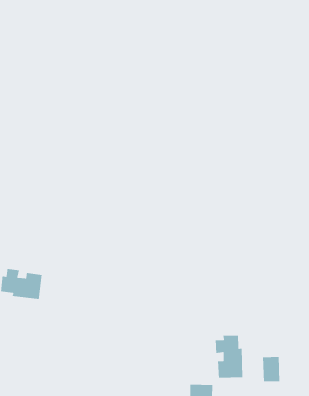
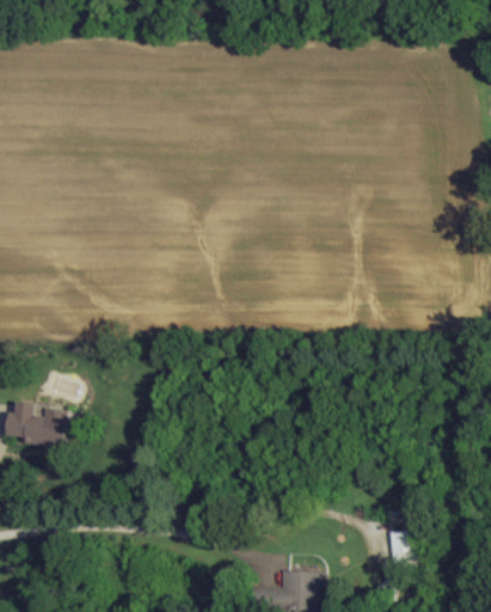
building: [215,335,243,379] -> none

